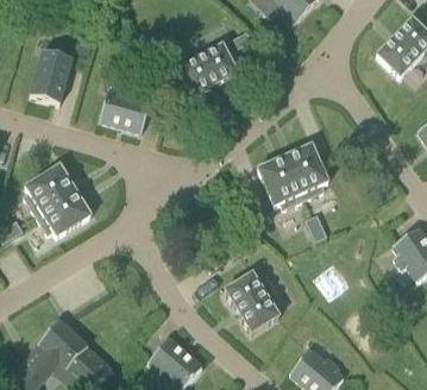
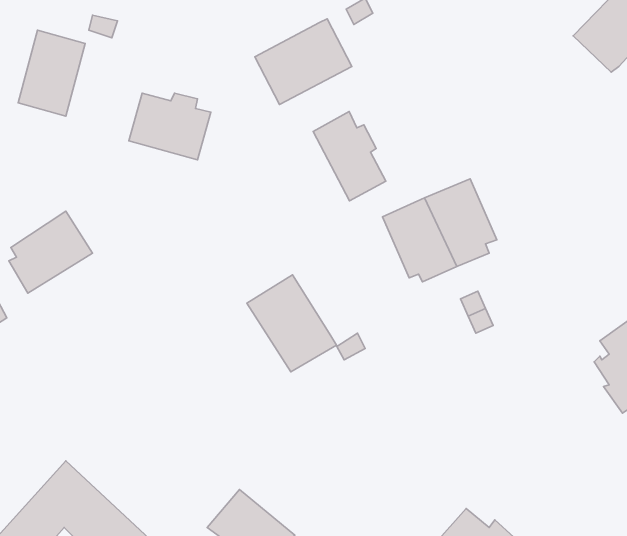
building: none -> [313,112,386,201]
building: [36,189,92,235] -> none
building: [224,271,280,332] -> [247,275,337,372]

